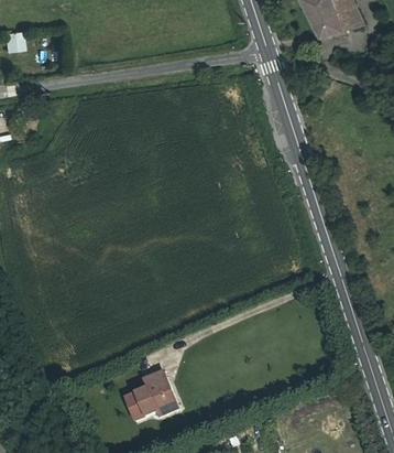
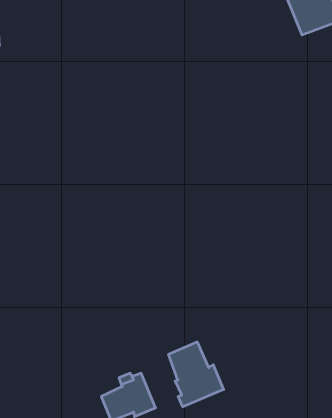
building: none -> [169,342,224,407]

